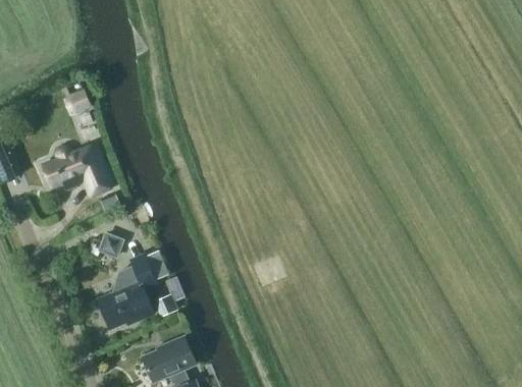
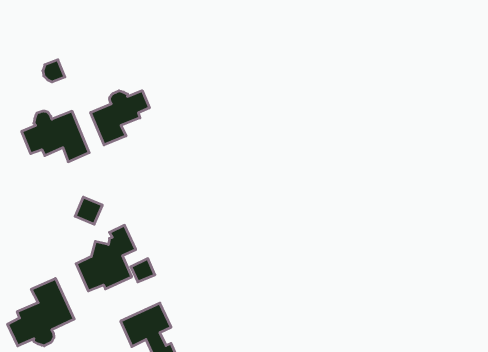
building: none -> [91,91,149,145]
building: none -> [8,278,74,346]

